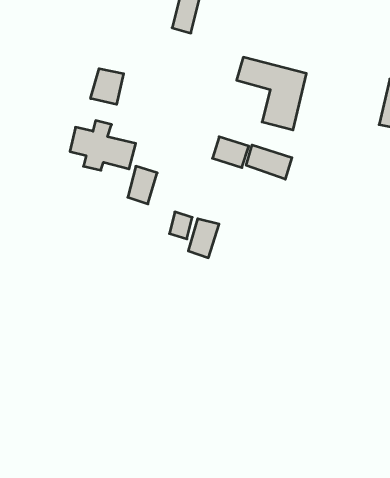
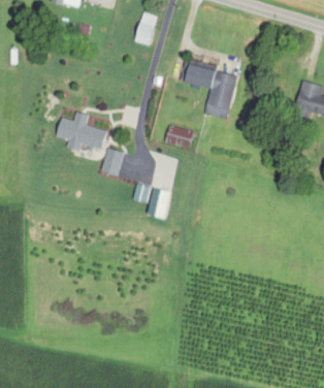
building: [91,69,124,104] -> none
building: [246,145,292,179] -> none

